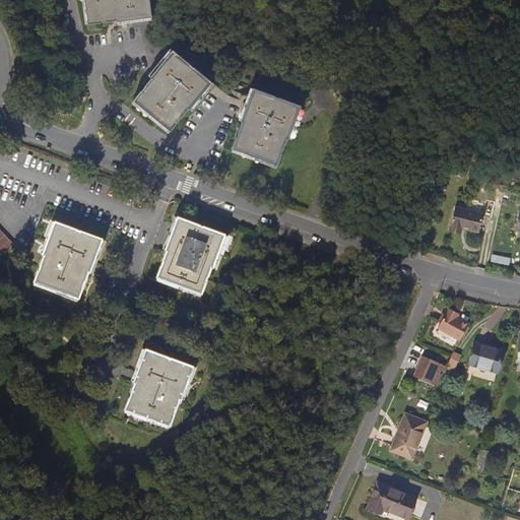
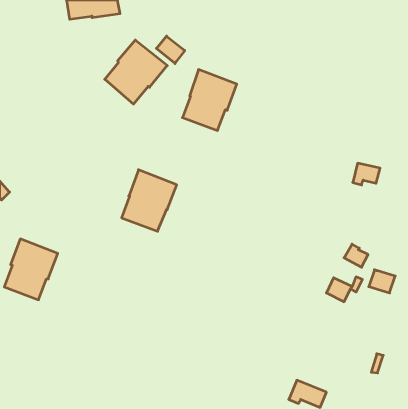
building: none -> [156,36,185,64]
building: [34,220,102,298] -> [4,239,58,300]
building: [126,347,195,425] -> none
building: [390,413,425,457] -> none

